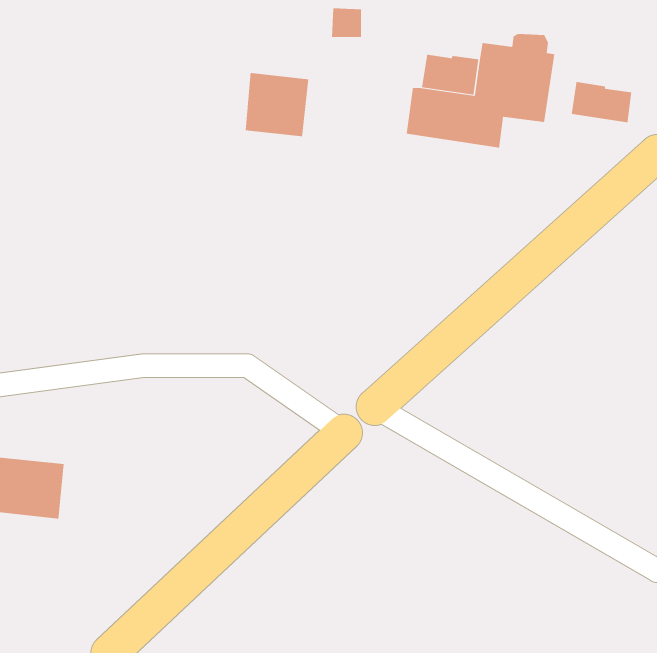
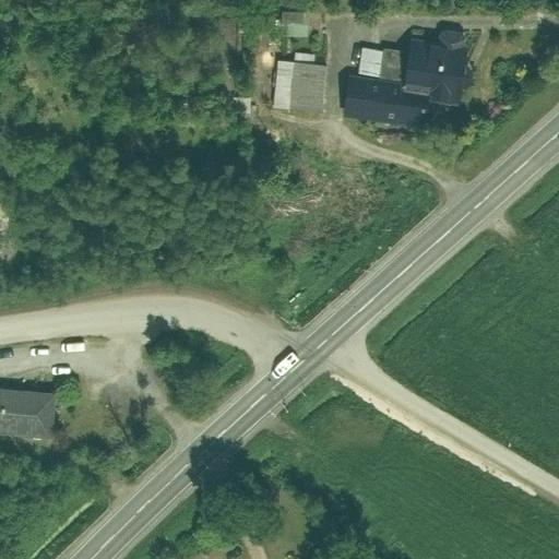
building: [245,73,309,137] -> [272,59,326,114]
building: [571,81,632,123] -> none

